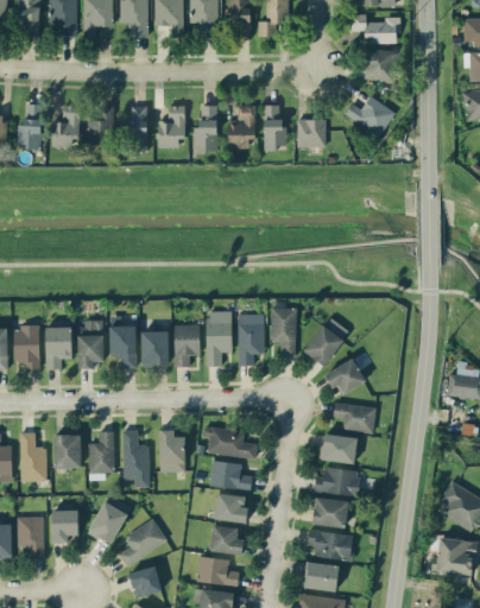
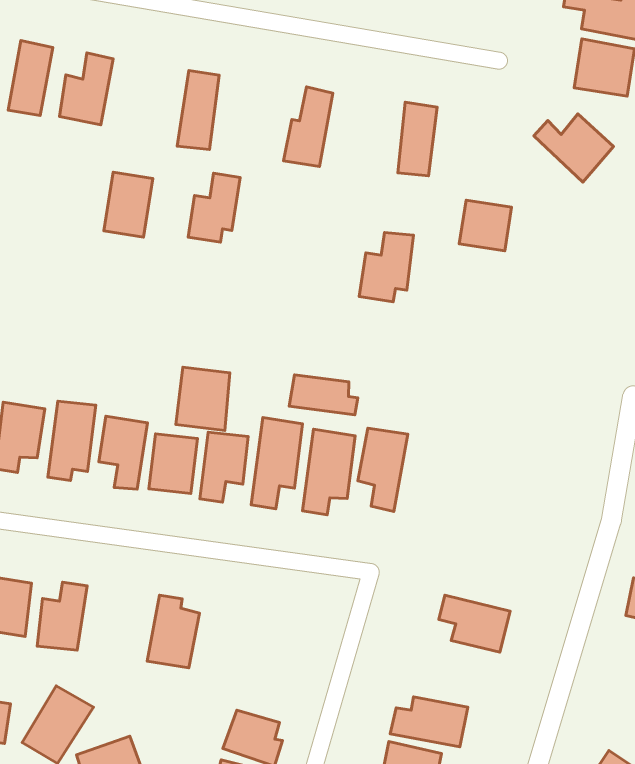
building: [227,104,255,147] -> [359,233,413,302]
building: [158,106,184,147] -> [188,173,240,242]
building: [88,109,113,146] -> [104,172,153,237]
building: [297,119,326,146] -> [459,200,511,251]
building: none -> [289,375,358,415]
building: none -> [176,367,230,430]
building: [303,316,349,367] -> none
building: [324,357,366,394] -> none
building: [202,426,257,457] -> none
building: [122,431,150,487] -> none
building: [321,435,356,462] -> none
building: [210,461,252,488] -> none

